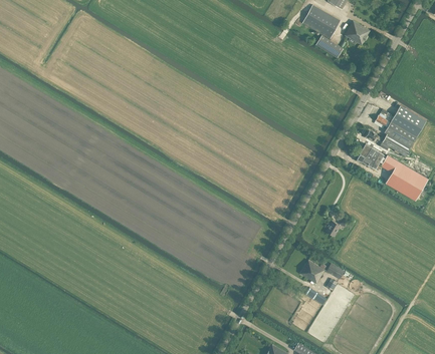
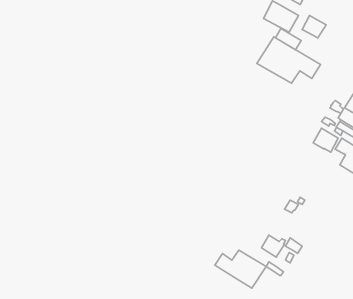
building: none -> [257,37,321,83]
building: none -> [215,250,266,288]

